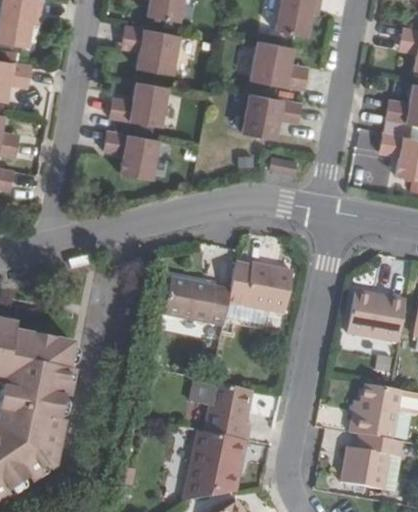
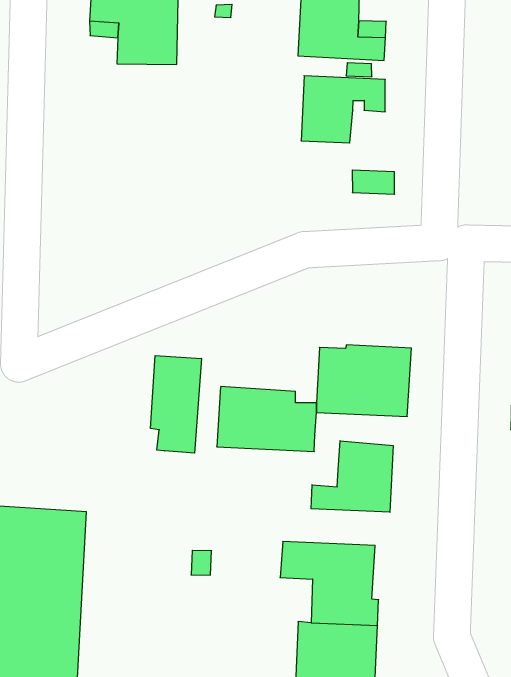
building: [111,82,170,127] -> none
building: [106,131,161,179] -> none
building: none -> [151,356,201,453]
building: none -> [311,441,393,512]

